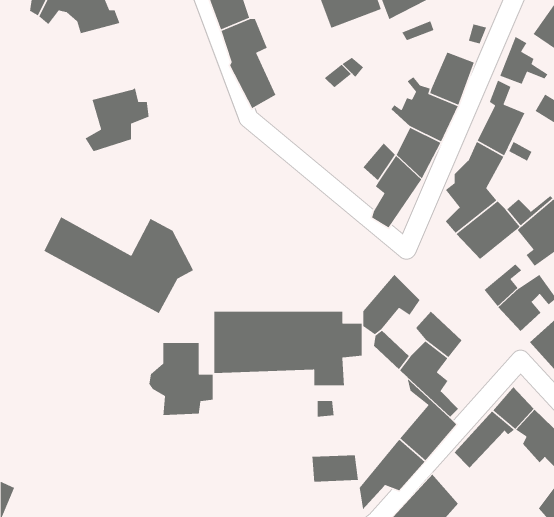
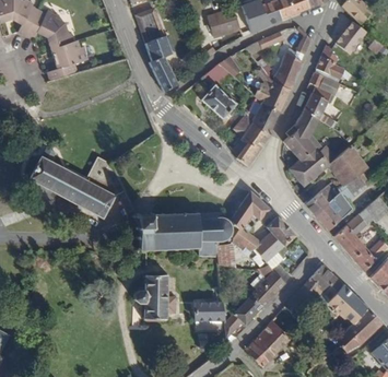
building: [84,87,149,152] -> [49,36,90,76]
building: none -> [198,84,234,119]
building: [149,342,213,416] -> [137,281,177,327]

